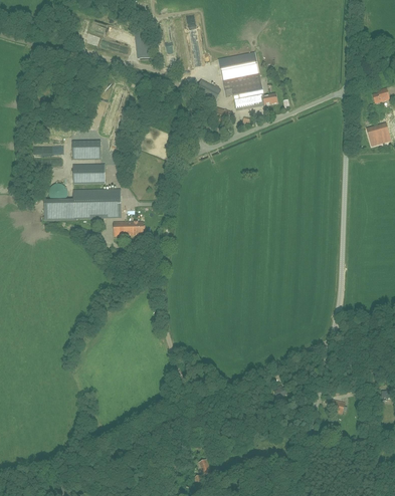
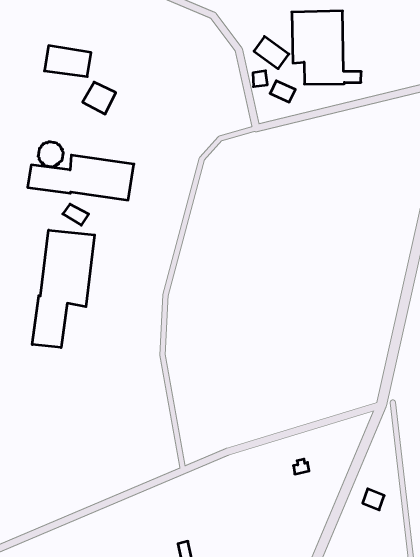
building: [73,164,106,183] -> [44,46,91,77]
building: [114,221,145,235] -> none
building: none -> [32,230,95,348]

